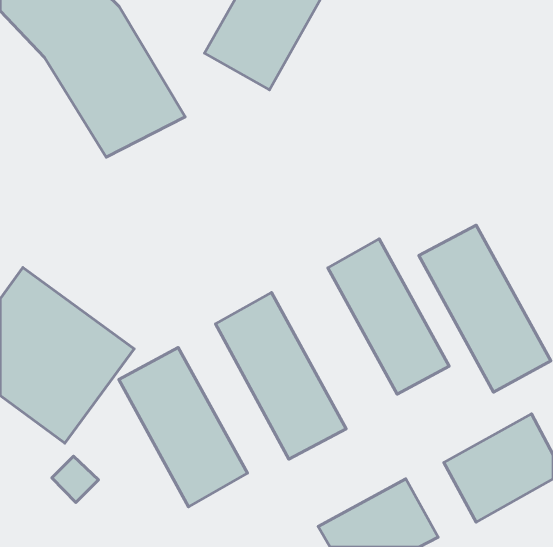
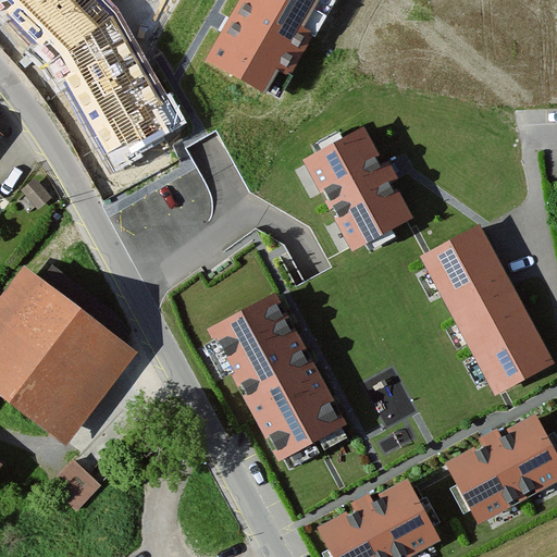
building: none -> [304,129,412,251]
building: [328,239,449,394] -> none
building: [119,348,248,507] -> none

